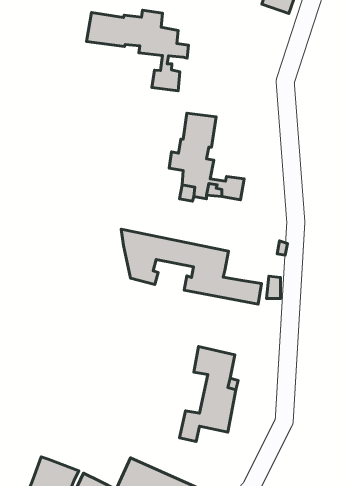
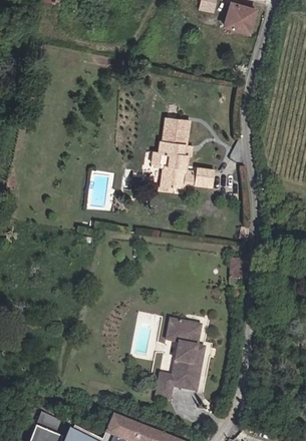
building: [87,10,189,91] -> none
building: [121,229,261,304] -> none

